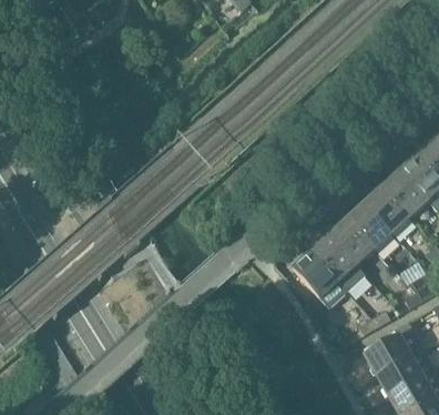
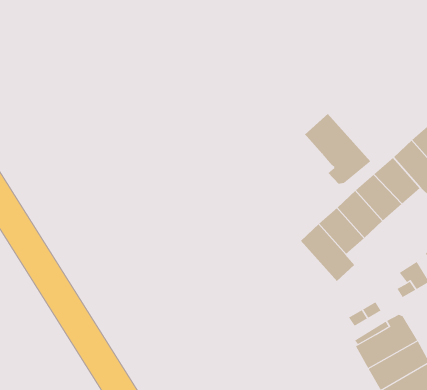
building: none -> [304,113,371,185]
building: [293,252,347,308] -> none

